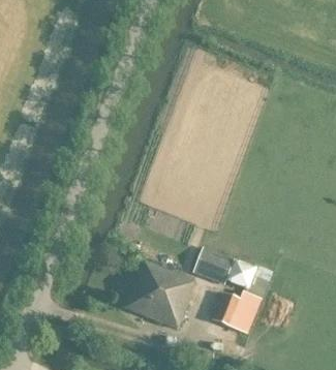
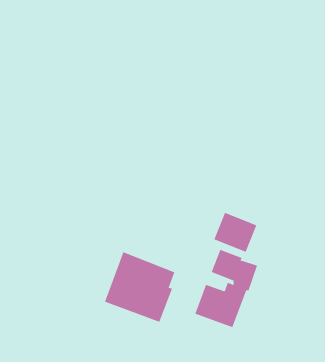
building: [192,246,234,284] -> [214,212,257,252]

